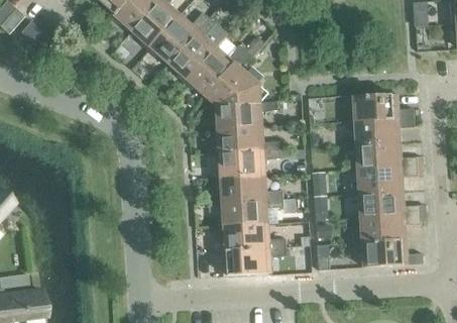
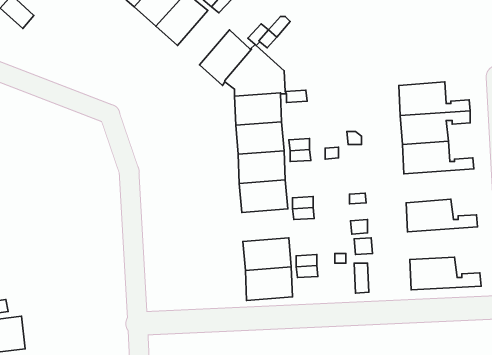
building: [169,33,213,79] -> none
building: [358,166,417,194] -> none
building: [223,199,262,226] -> none
building: [361,214,421,241] -> none

